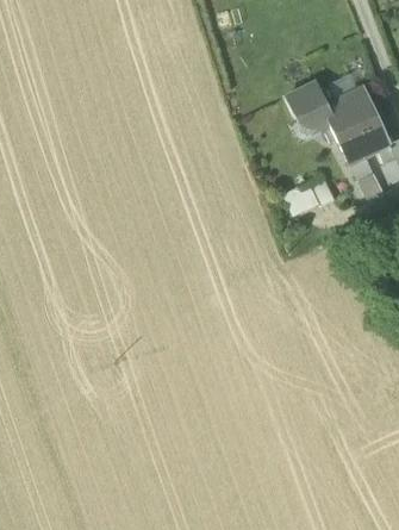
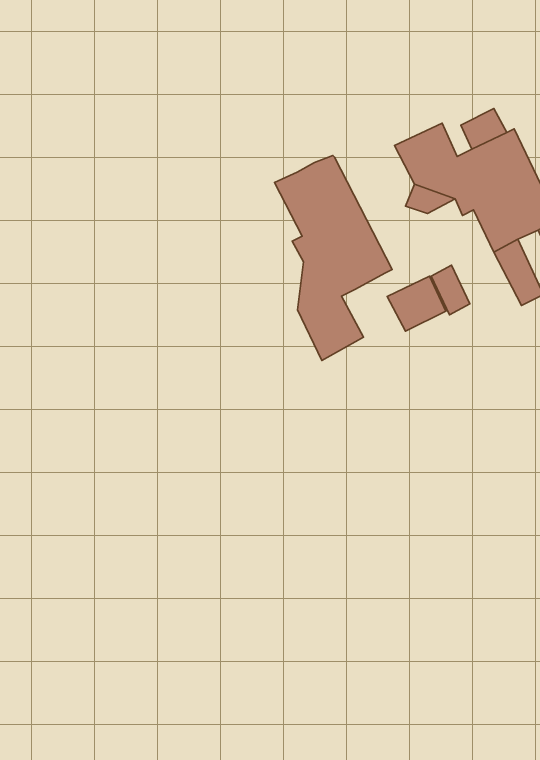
building: none -> [275,156,392,360]

